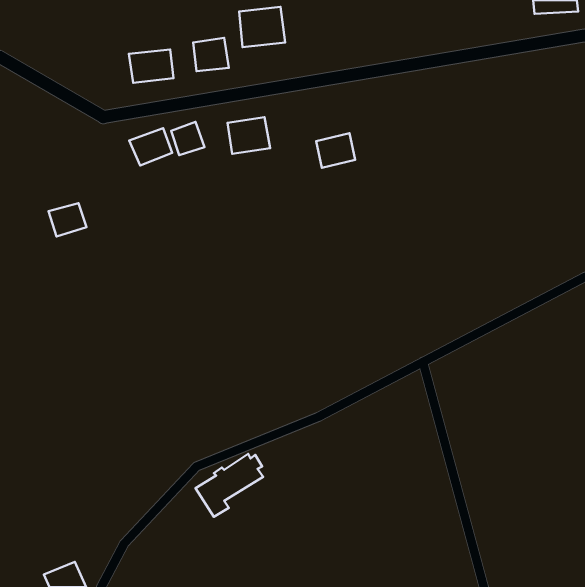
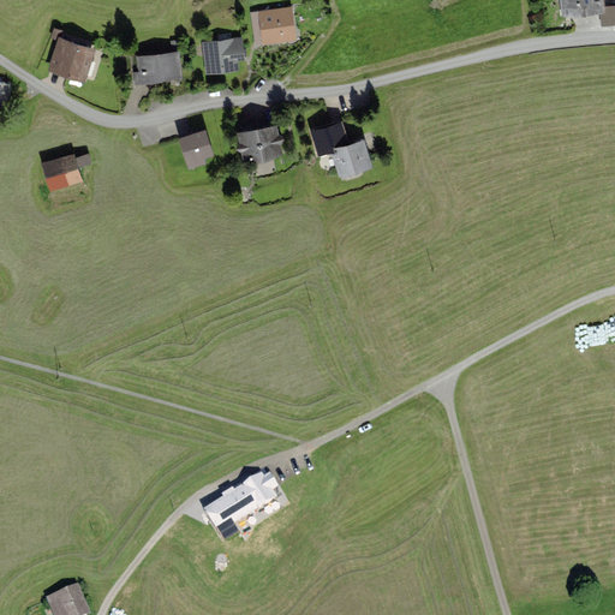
building: none -> [47,36,100,82]
building: none -> [310,120,347,148]
building: [129,128,172,165] -> none
building: [49,203,86,236] -> [46,155,85,190]

